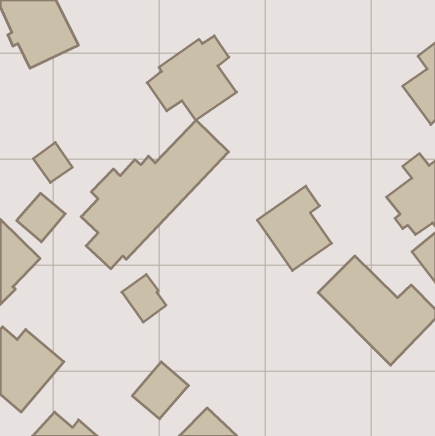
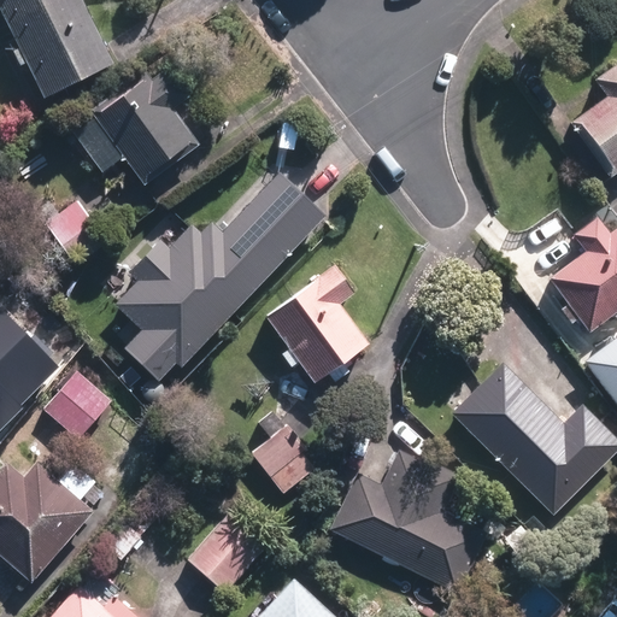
building: [147,36,237,120] -> [72,65,199,184]
building: [257,186,332,271] -> [264,264,369,383]
building: [17,193,65,242] -> [43,370,112,439]
building: [122,274,166,322] -> [253,427,316,494]
building: none -> [315,448,484,590]

